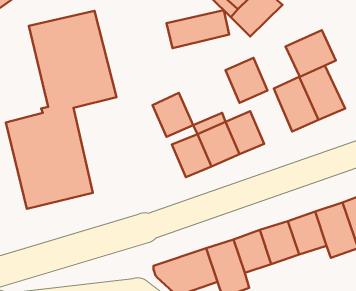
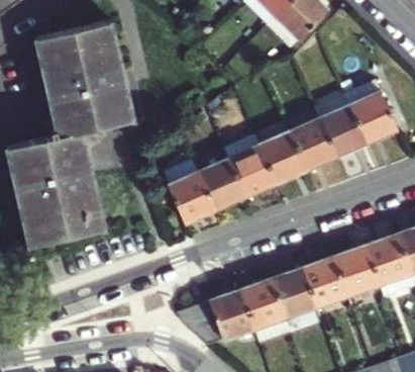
building: [166,10,229,48] -> none
building: [286,30,336,77] -> none
building: [225,58,268,103] -> [289,117,337,169]
building: [153,93,193,137] -> [169,170,215,220]

